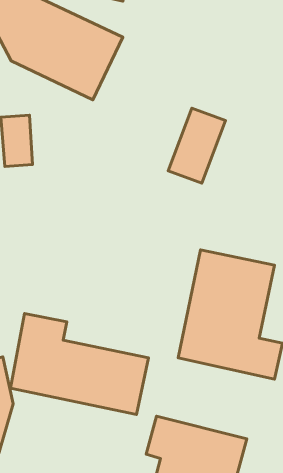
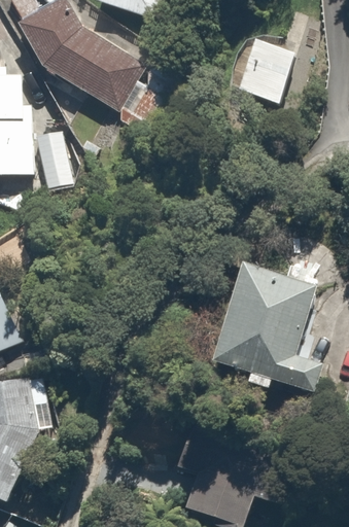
building: [168,108,226,183] -> [237,33,294,108]
building: [10,314,148,415] -> none

